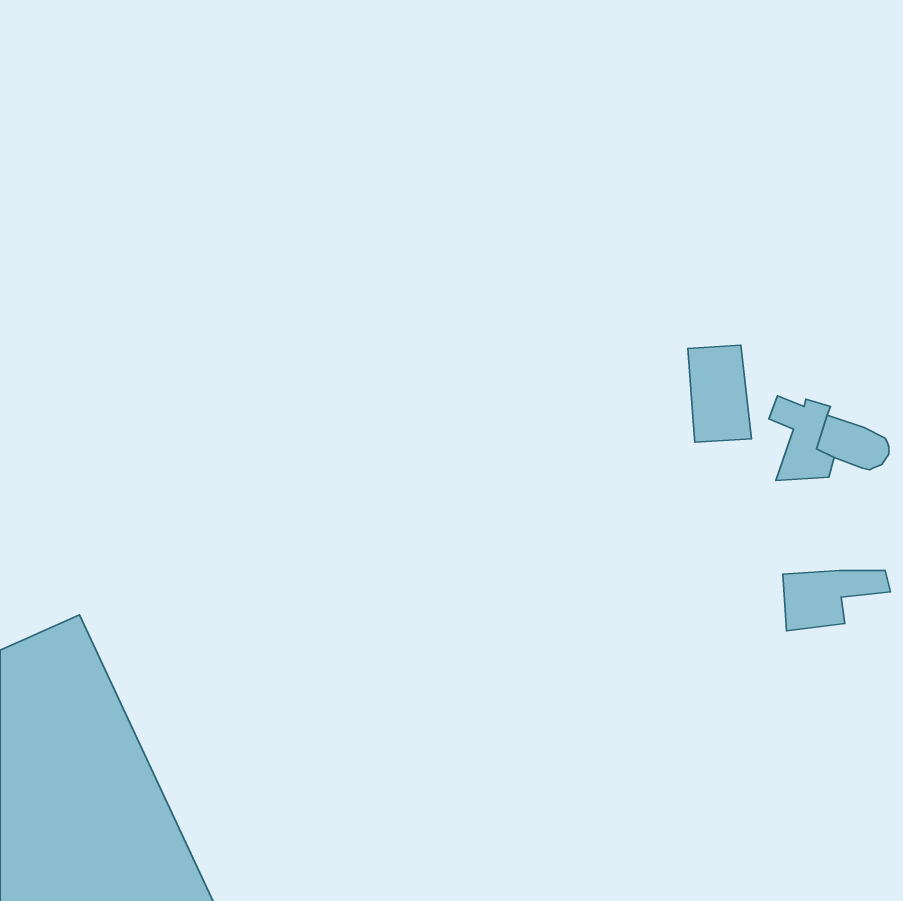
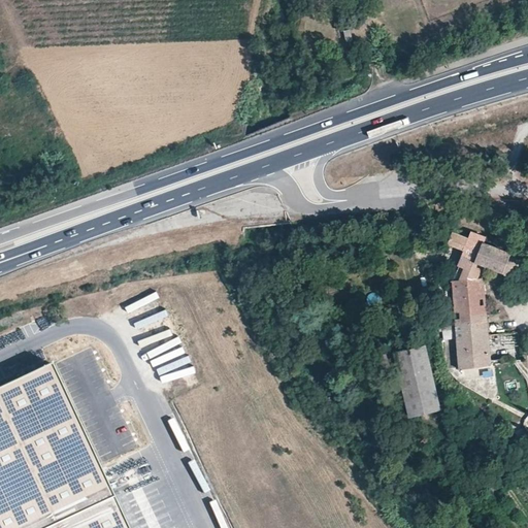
building: [688,345,752,442] -> [453,279,490,336]
building: none -> [394,345,440,418]

